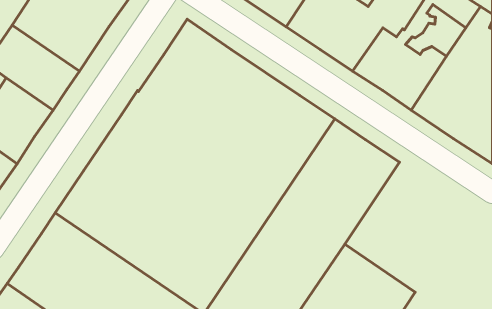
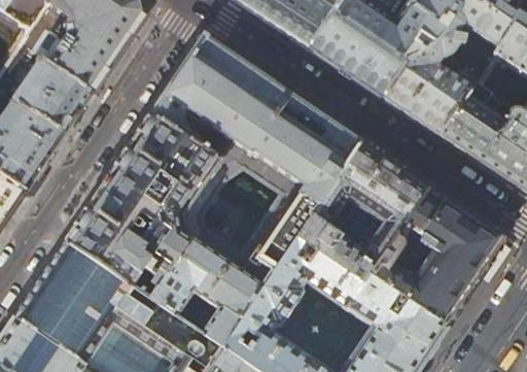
building: none -> [371,191,502,328]

